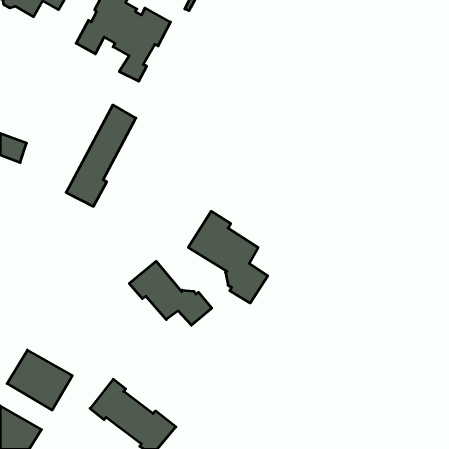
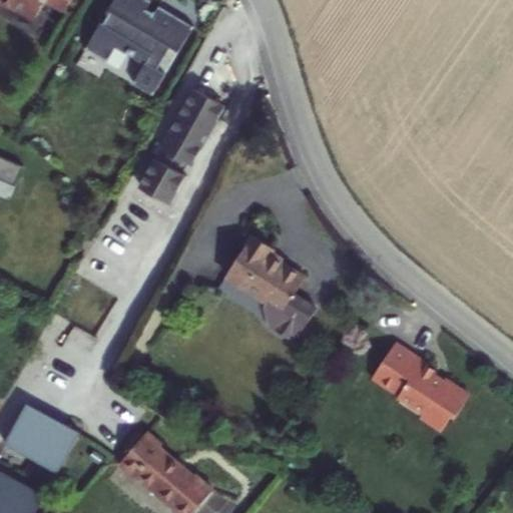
building: [66,105,136,206] -> [145,88,224,203]
building: [129,261,212,325] -> none
building: none -> [355,342,448,433]

